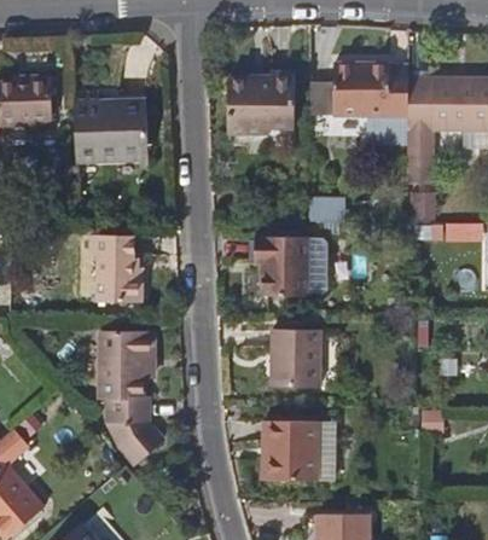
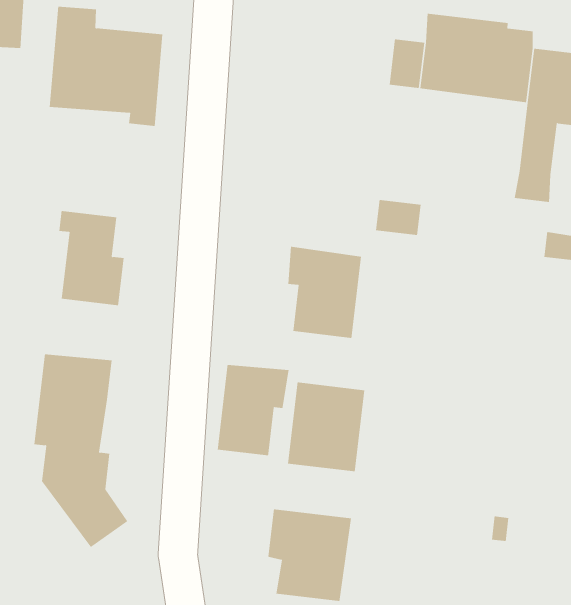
building: [228,72,294,134] -> none
building: none -> [217,364,289,456]

